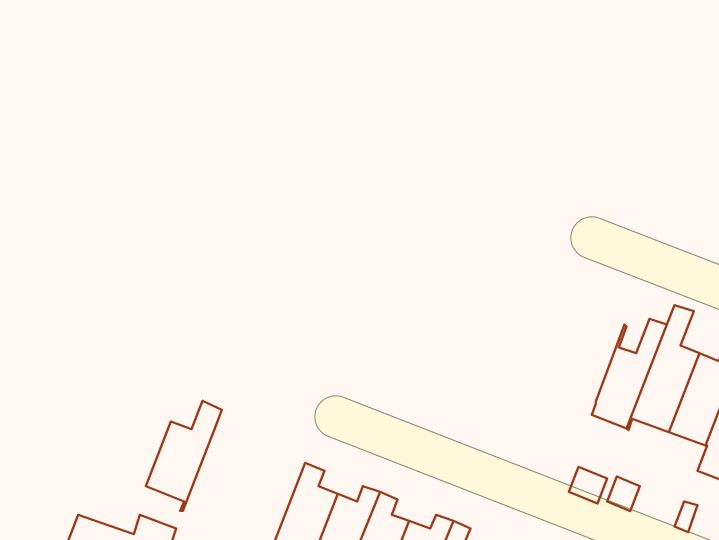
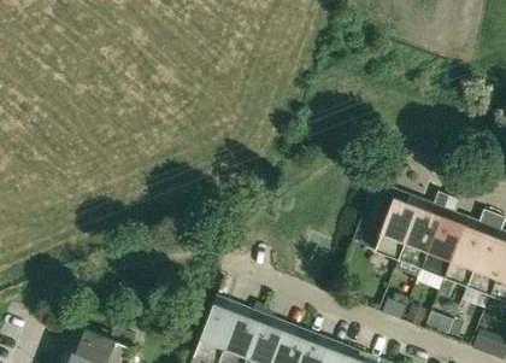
building: none -> [367,186,417,257]
building: [146,401,222,511] -> none

